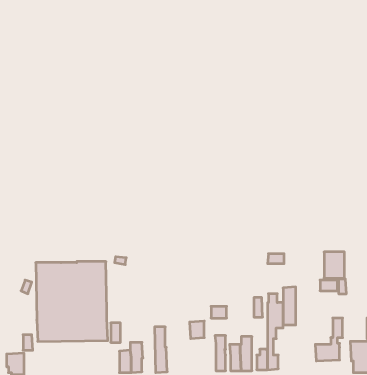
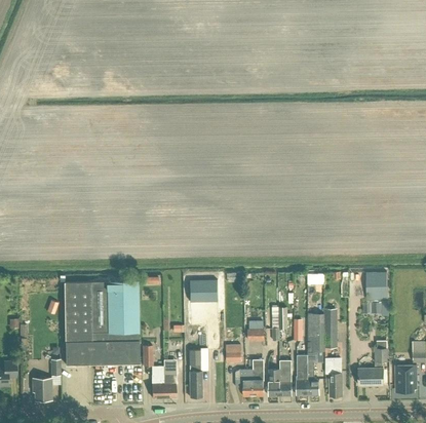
building: none -> [186,282,219,301]
building: none -> [325,357,342,396]
building: none -> [236,370,254,396]

